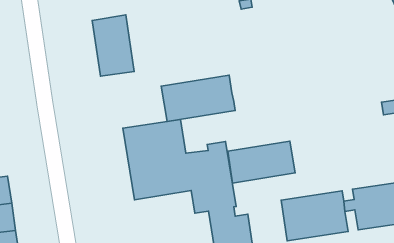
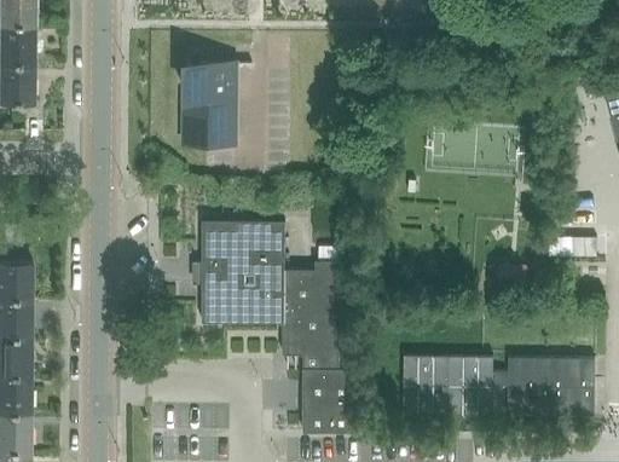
building: [161,75,235,121] -> none
building: [228,141,295,183] -> none

